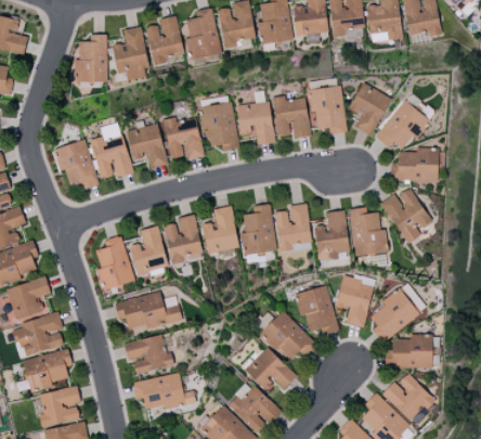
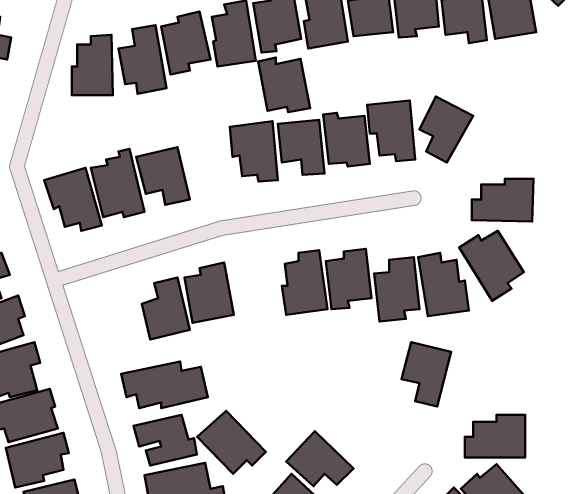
building: [375,100,429,151] -> none
building: [162,116,204,159] -> [258,57,310,112]
building: [202,205,239,253] -> none
building: [95,235,134,289] -> none
building: [369,282,421,343] -> none
building: [294,285,338,334] -> none
building: [260,311,314,361] -> [197,411,266,474]

